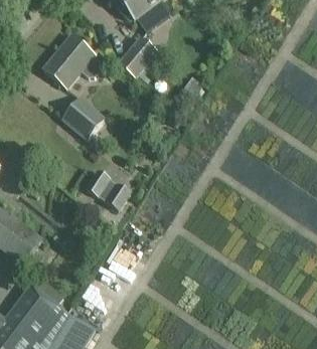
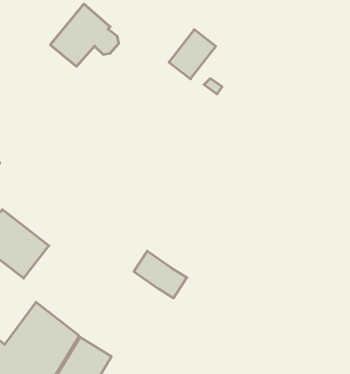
building: [118,36,157,77] -> [169,30,216,79]
building: [61,97,104,138] -> none
building: [86,170,130,209] -> [134,251,187,298]

